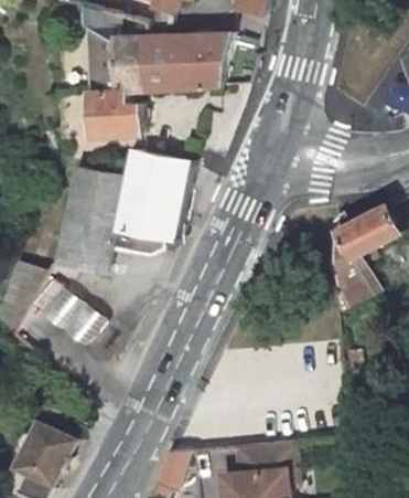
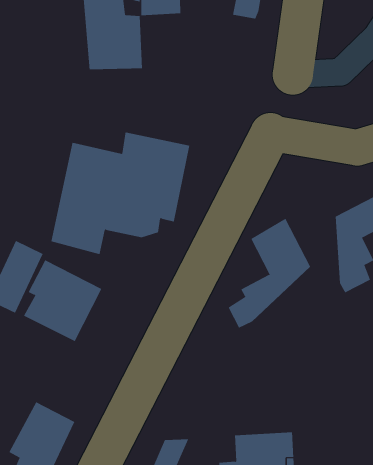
building: [143,35,227,89] -> none
building: [86,89,144,138] -> none
building: none -> [228,218,311,329]

